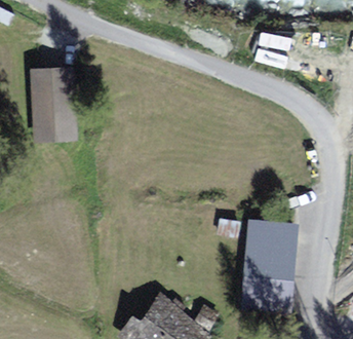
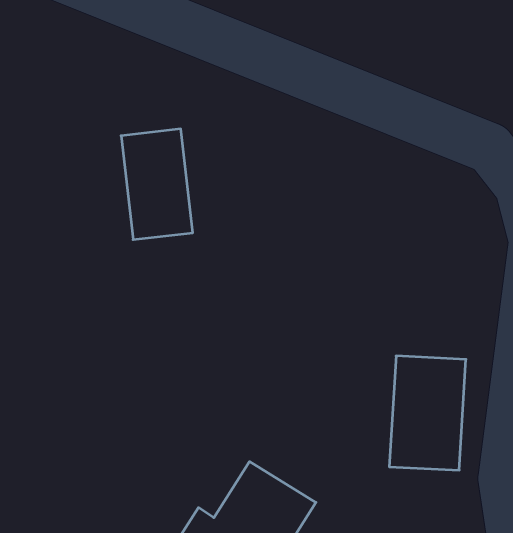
building: [33,74,76,141] -> [121,129,193,240]

